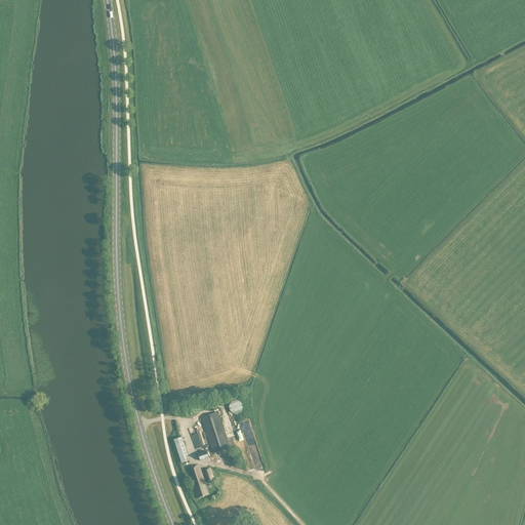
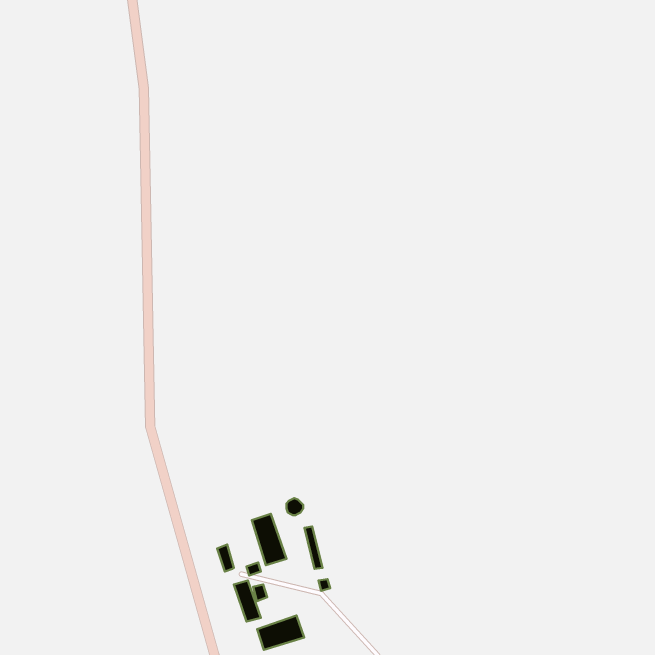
building: none -> [257,615,304,650]

